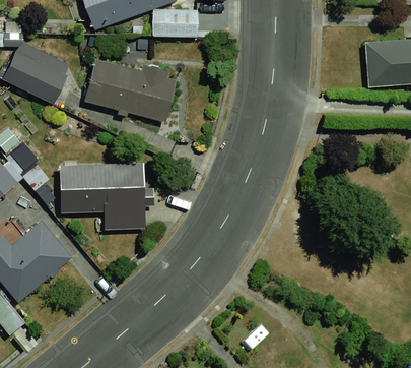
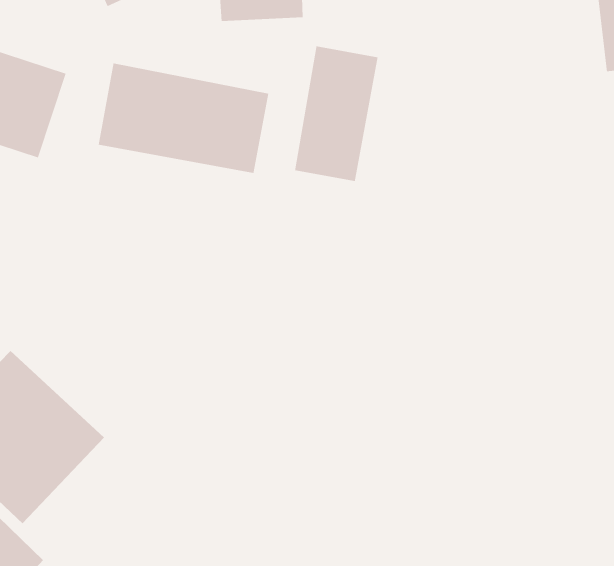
building: none -> [294,45,378,182]
building: [60,166,144,221] -> none

